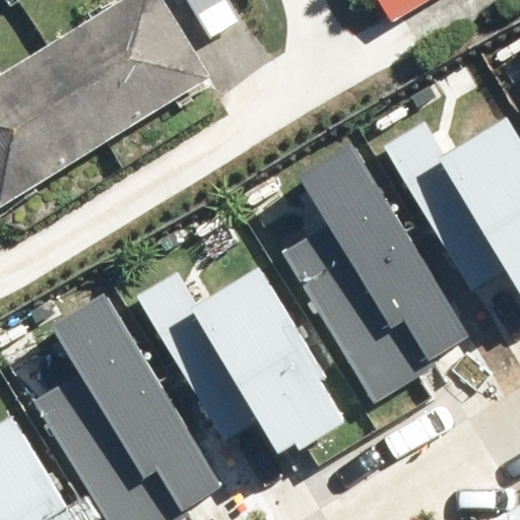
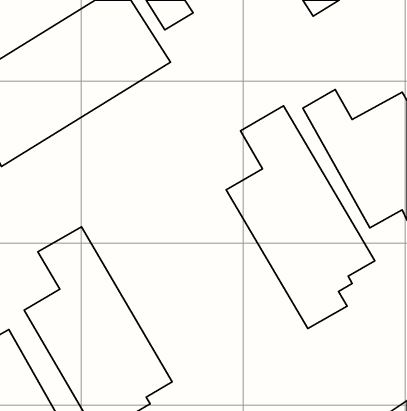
building: [134,262,346,448] -> none

